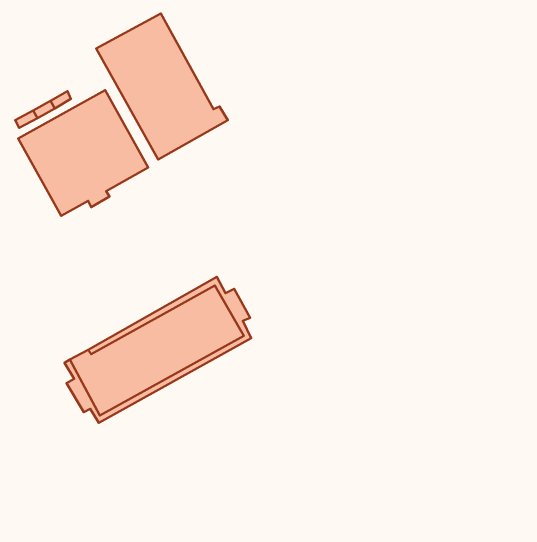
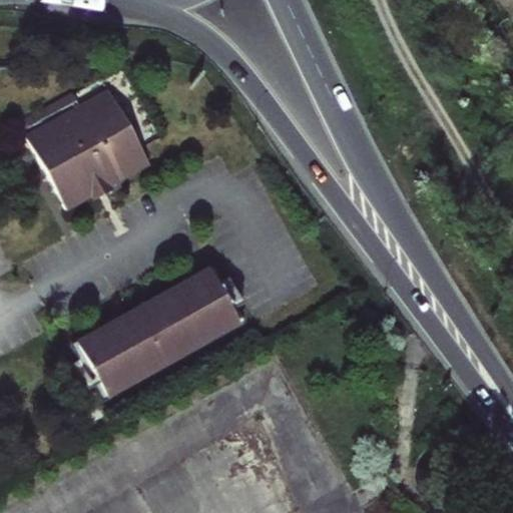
building: [96,14,228,160] -> none

